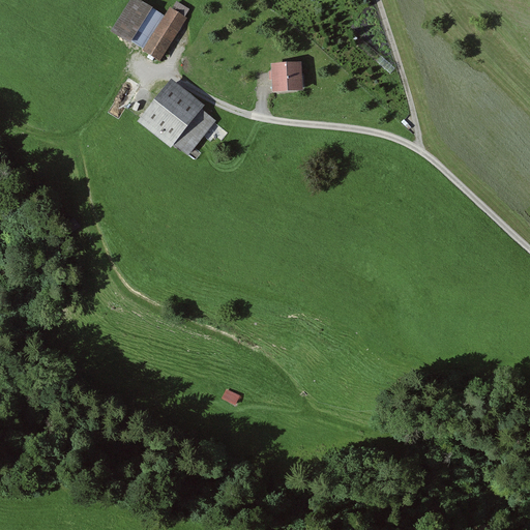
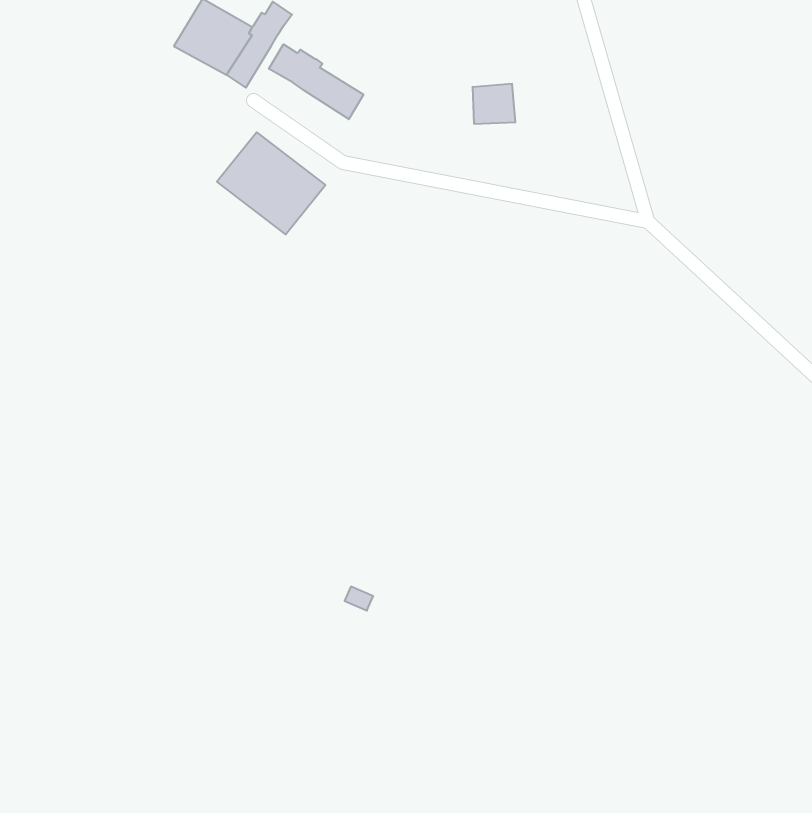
building: none -> [269,44,363,119]
building: [273,63,301,89] -> [472,84,515,124]

